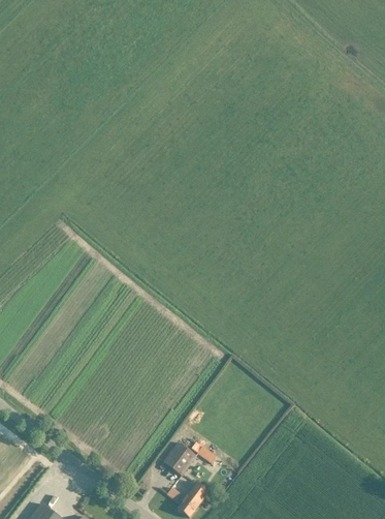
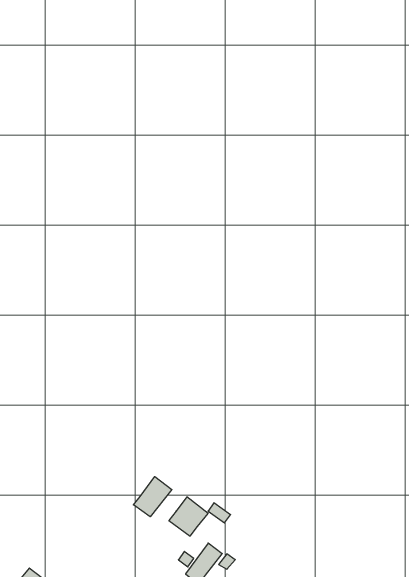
building: none -> [133,477,172,517]

